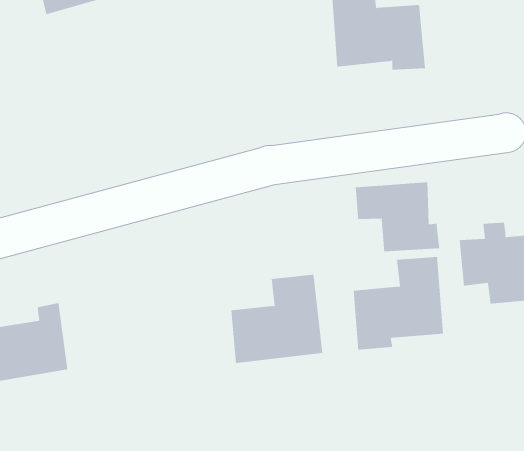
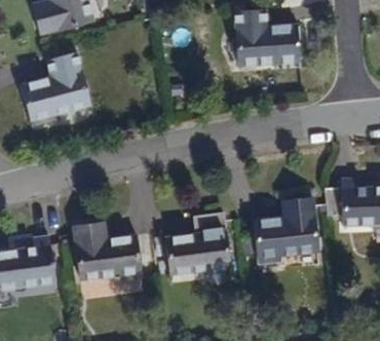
building: none -> [20,52,88,127]
building: [355,181,440,252] -> none
building: none -> [73,224,140,281]

